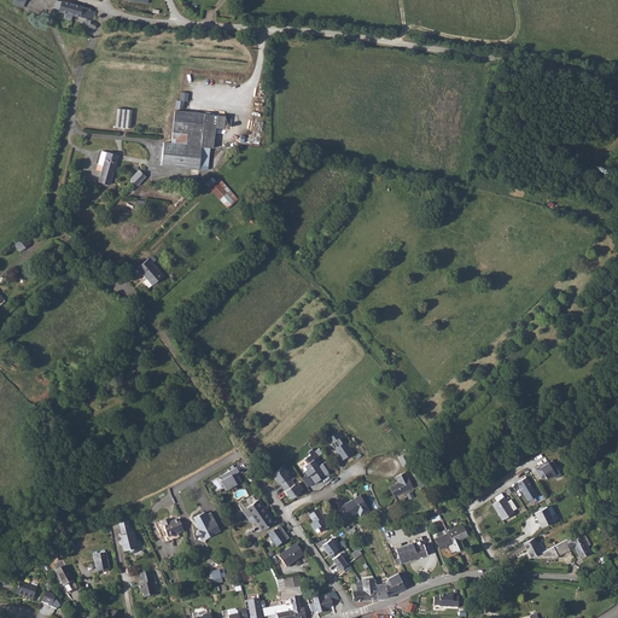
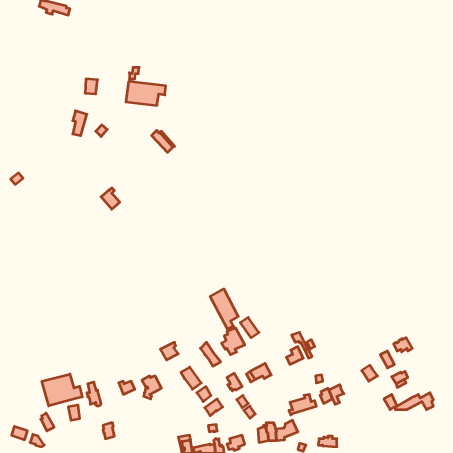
building: [162,139,214,169] -> none
building: none -> [210,289,238,329]
building: none -> [42,374,82,406]

